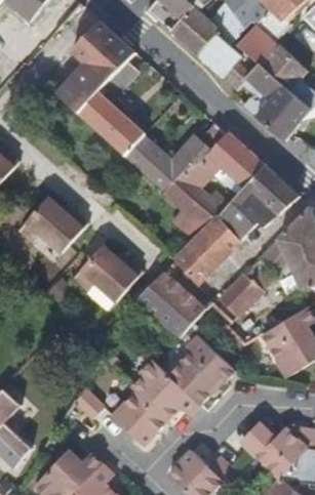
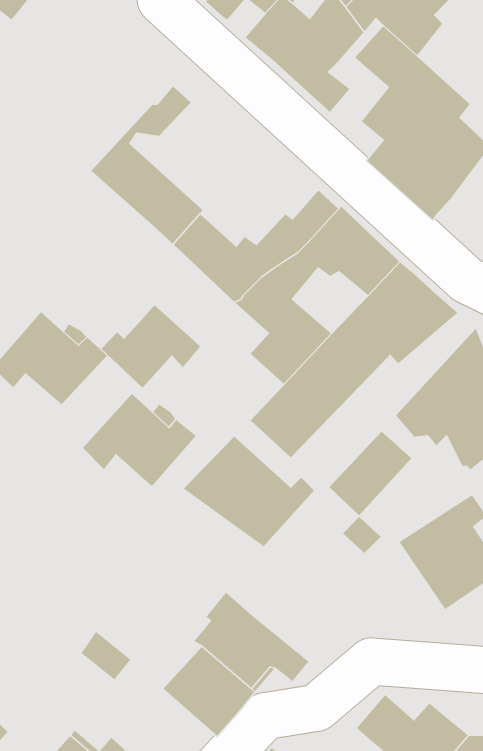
building: [57,18,134,111] -> none
building: none -> [101,304,201,388]
building: [175,334,239,405] -> none

